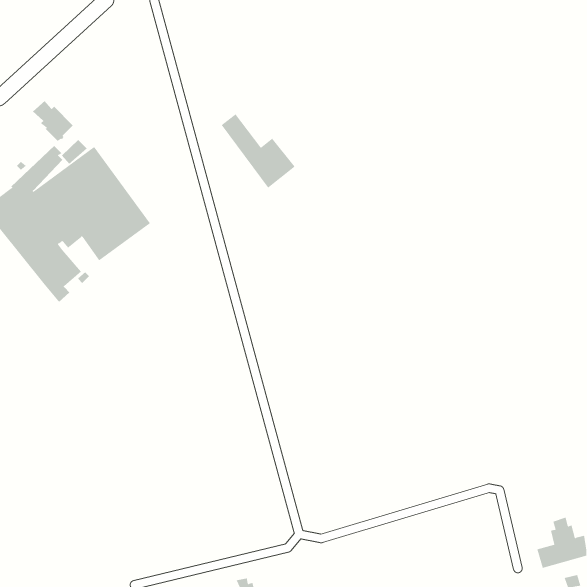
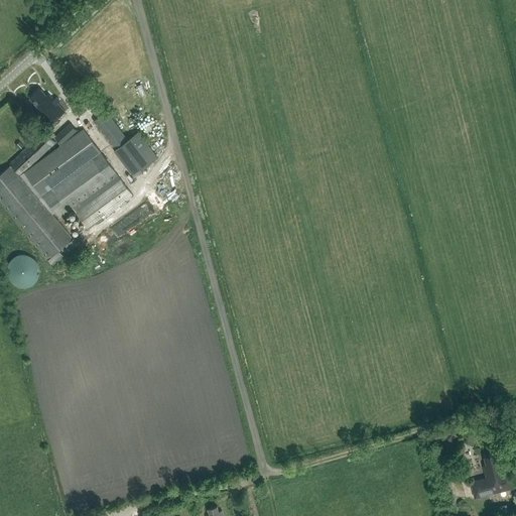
building: [221,114,296,188] -> [92,111,157,176]
building: none -> [6,254,38,287]

